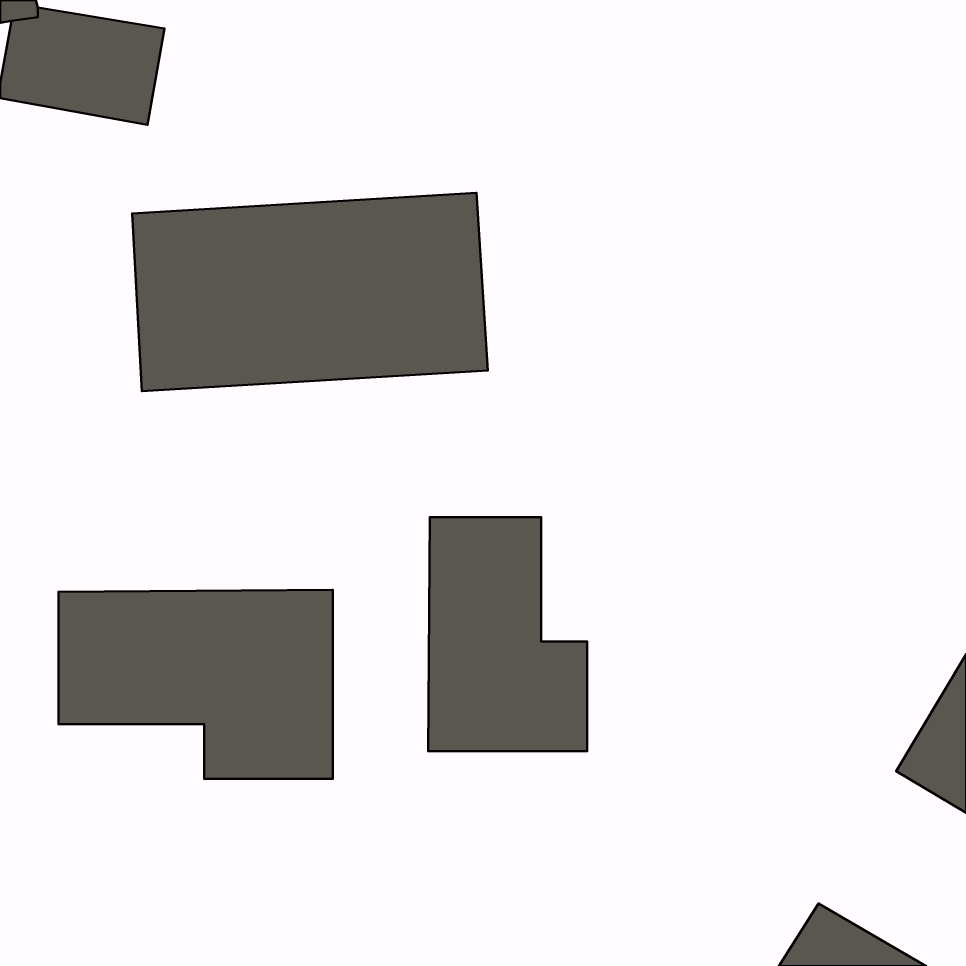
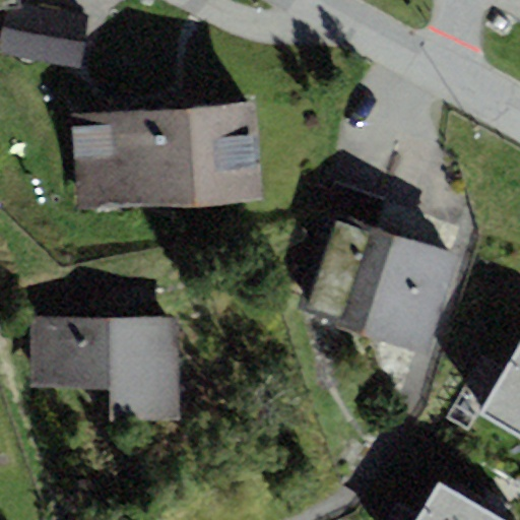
building: none -> [299,212,460,353]
building: [428,517,587,751] -> none

